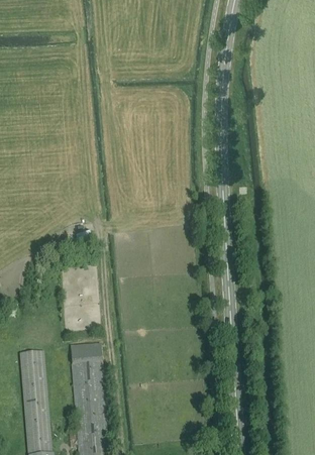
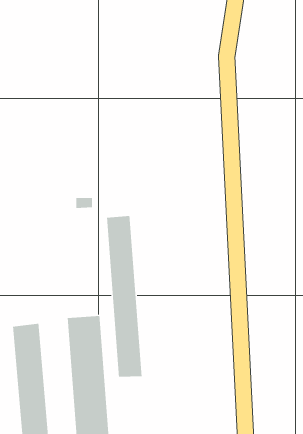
building: none -> [106,215,143,377]

